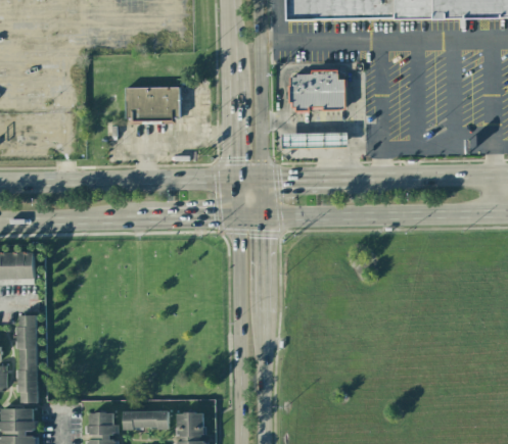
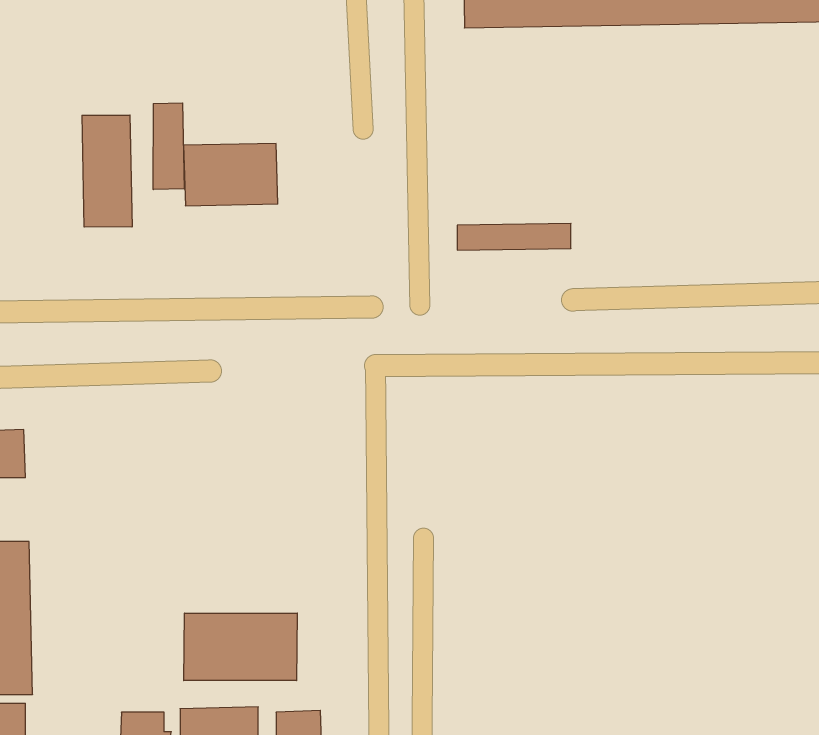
building: none -> [153,103,184,190]
building: none -> [82,115,132,227]
building: [291,71,345,109] -> none
building: none -> [184,613,297,681]

